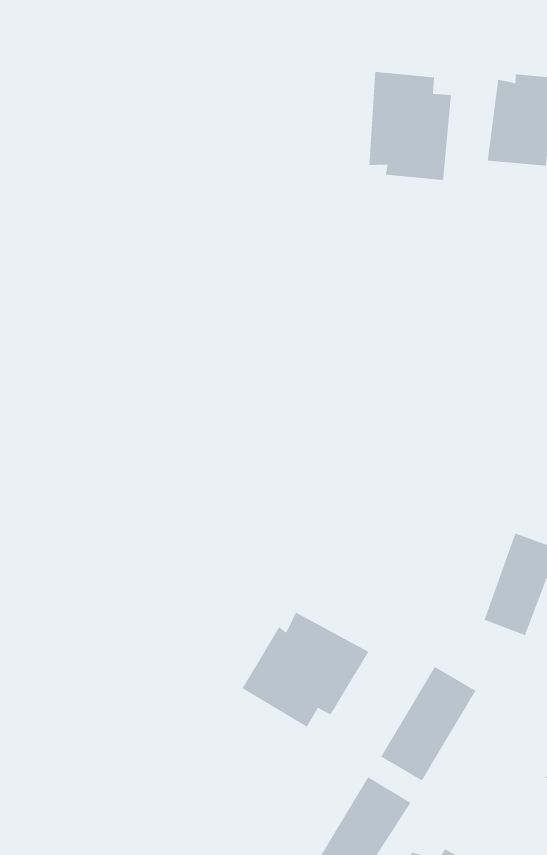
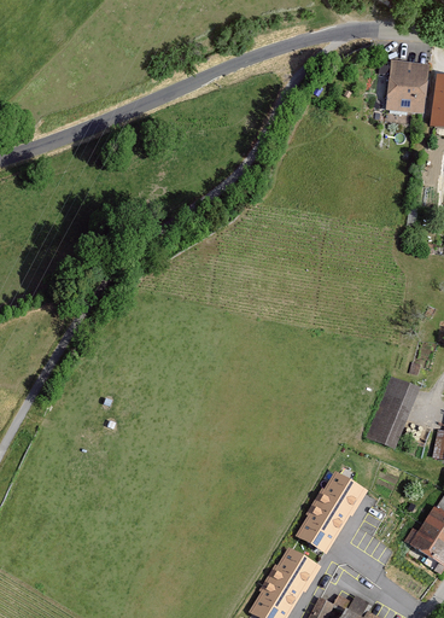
building: [369,71,452,181] -> none
building: [241,612,369,728] -> none

